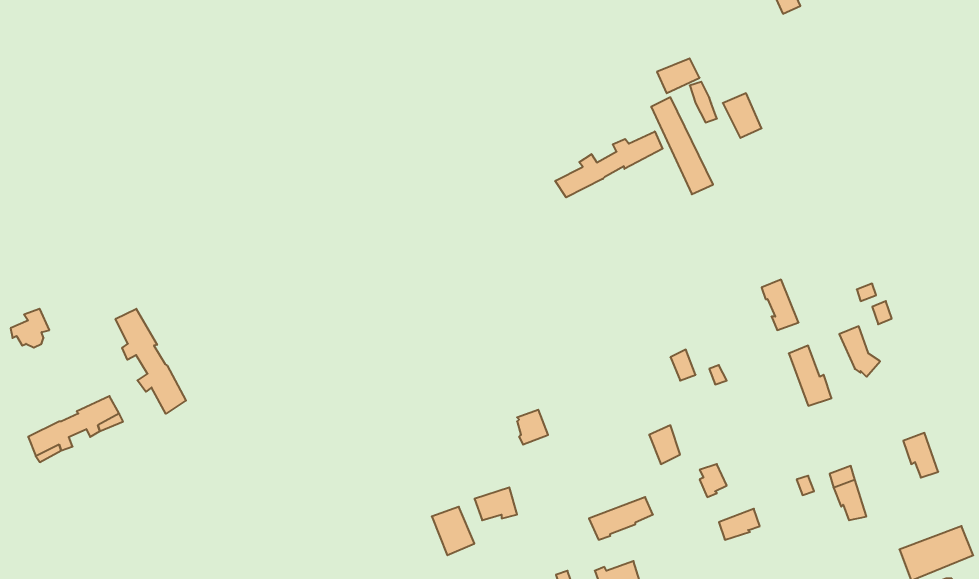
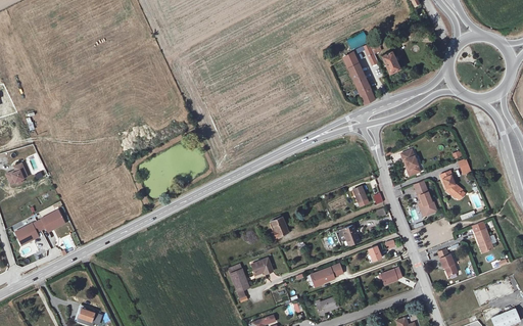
building: [555,131,663,197] -> none
building: [116,309,186,414] -> none

